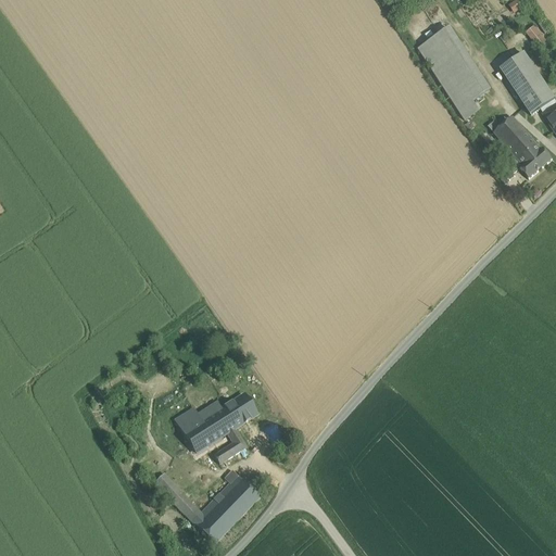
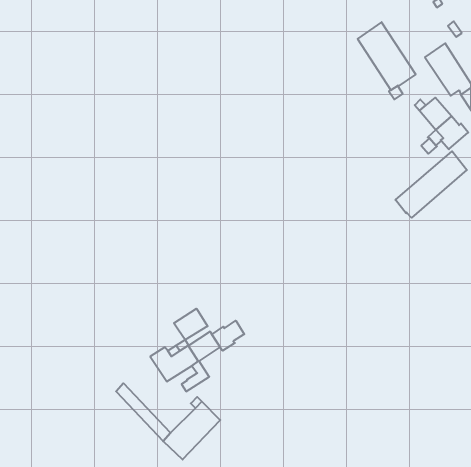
building: none -> [395,151,467,218]
building: none -> [174,309,208,340]
building: none -> [212,321,244,351]

